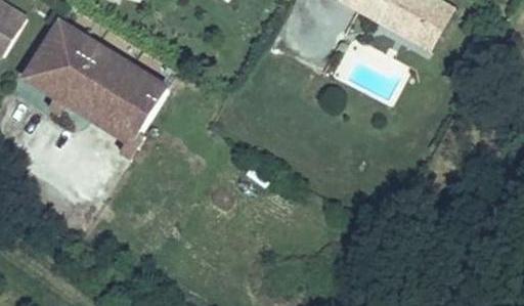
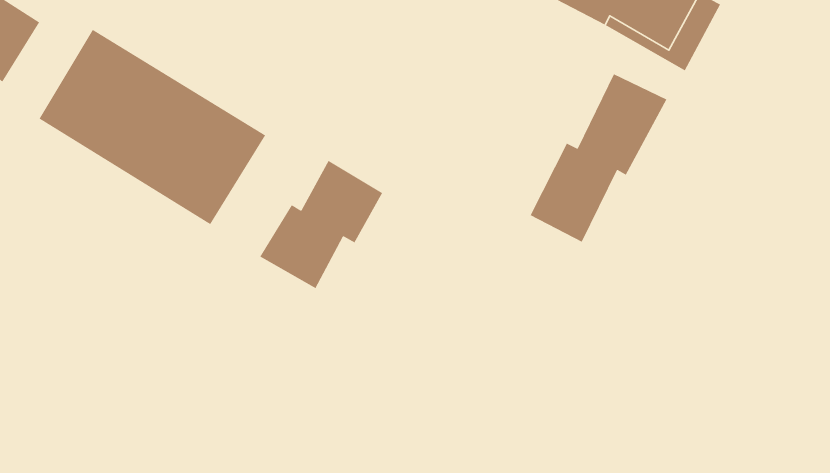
building: none -> [529,73,667,243]
building: none -> [259,160,383,289]

